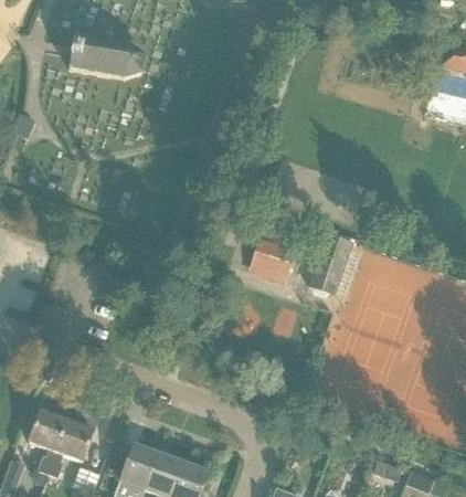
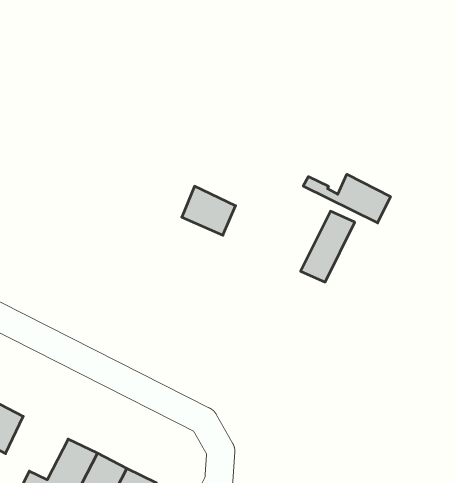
building: none -> [303,174,390,223]
building: [251,237,294,275] -> [182,186,236,235]

